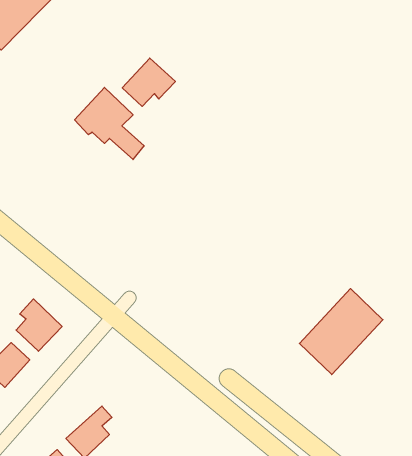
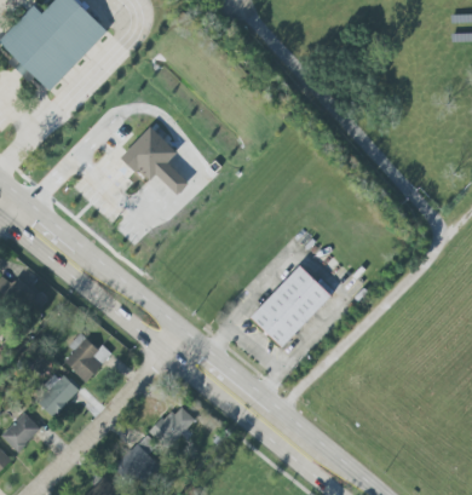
building: [122,58,175,106] -> none
building: [299,289,383,375] -> [251,265,332,349]
building: none -> [149,407,194,448]

